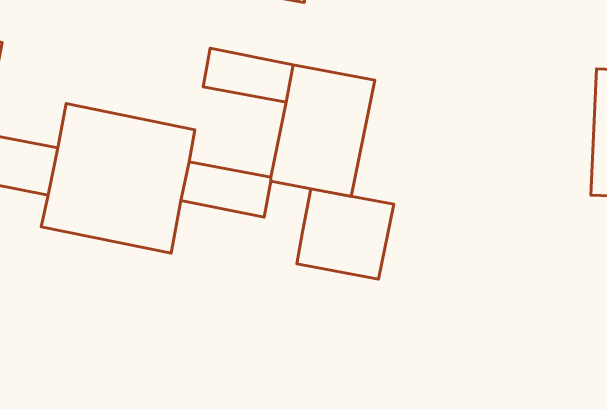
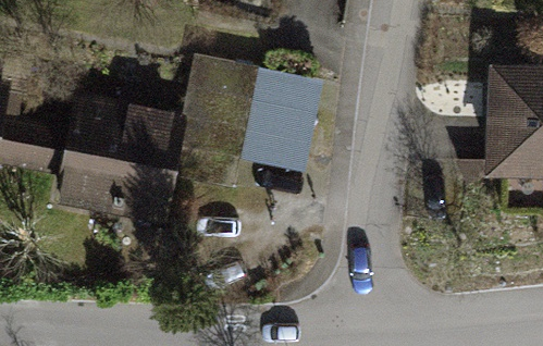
building: [297,189,394,279] -> [176,86,252,157]

